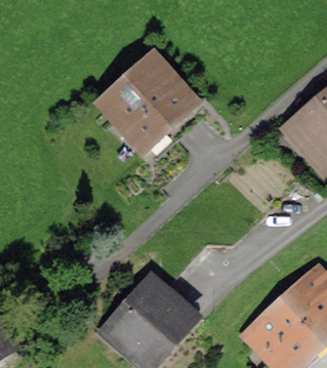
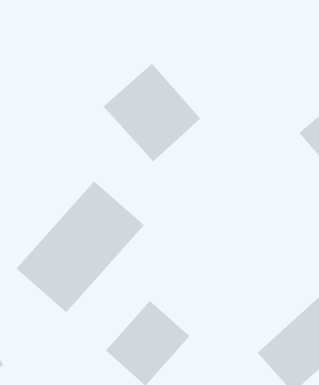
building: none -> [16,180,145,313]

